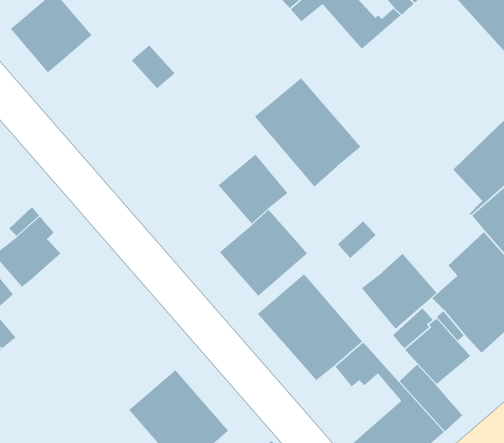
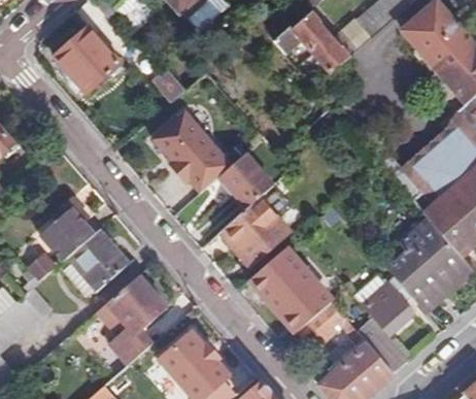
building: [254,77,362,187] -> [151,109,236,196]
building: none -> [64,229,131,296]
building: [361,253,438,330] -> none
building: none -> [98,274,168,365]

